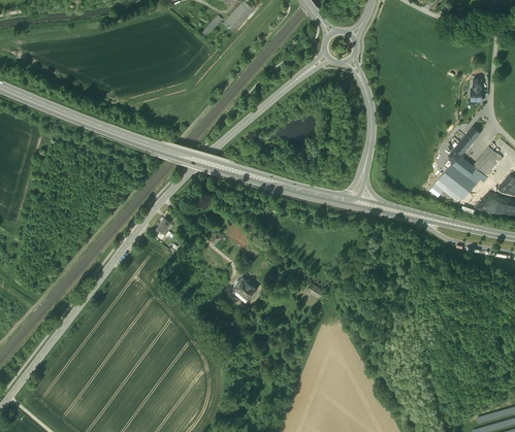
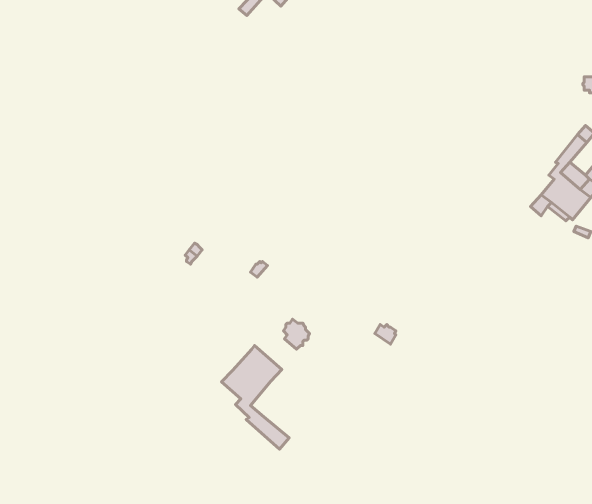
building: none -> [222,346,289,449]

